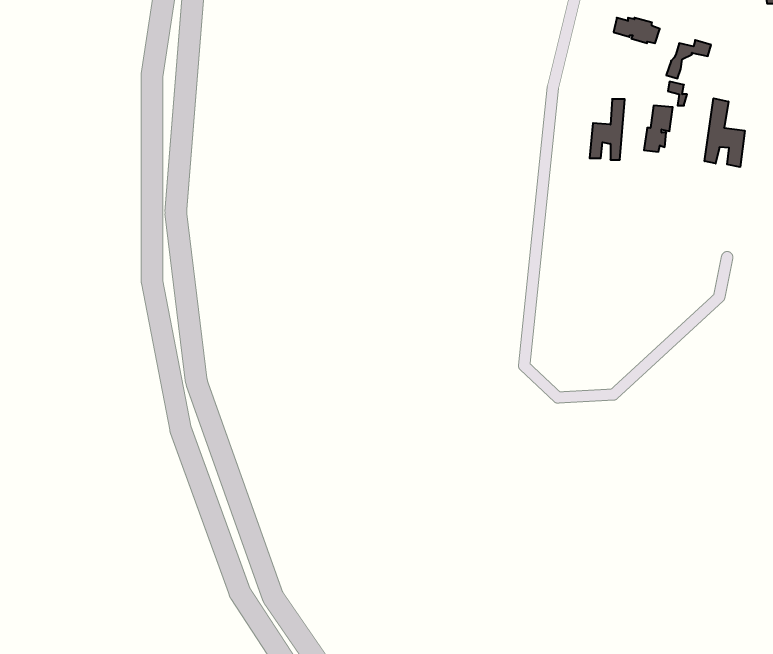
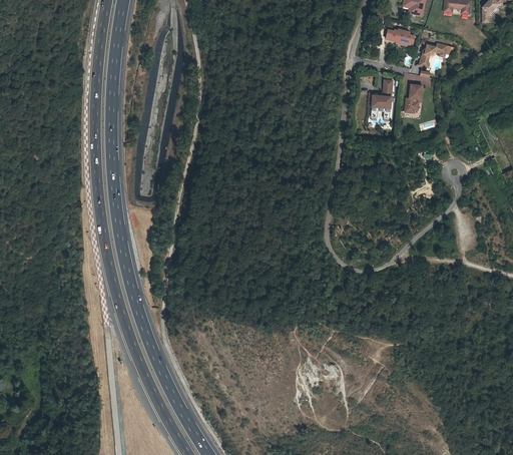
building: [705,98,745,167] -> none

